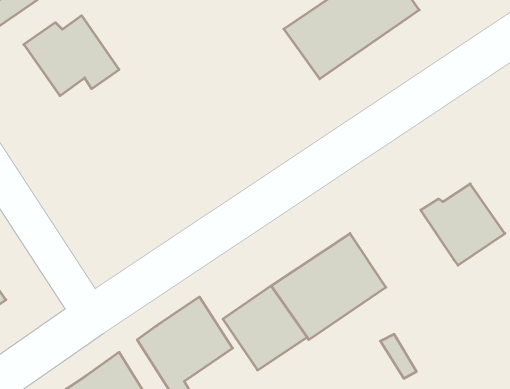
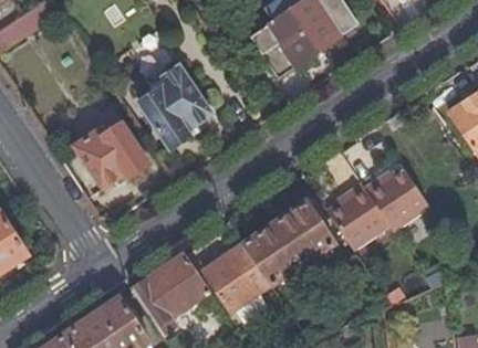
building: [24,16,119,96] -> [76,124,153,188]
building: none -> [150,71,217,147]
building: none -> [323,179,387,245]

